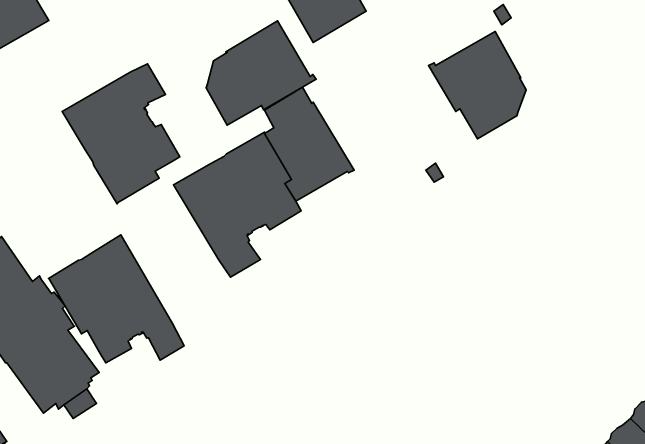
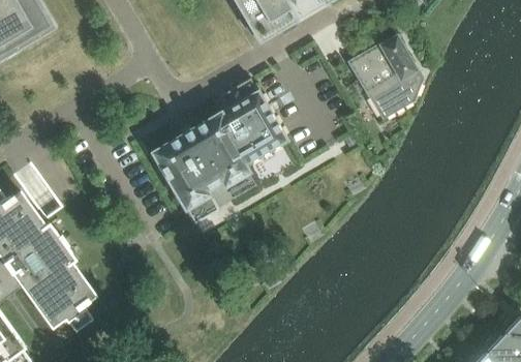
building: [206,21,316,125] -> none
building: [62,64,180,204] -> none
building: [48,235,184,363] -> none

